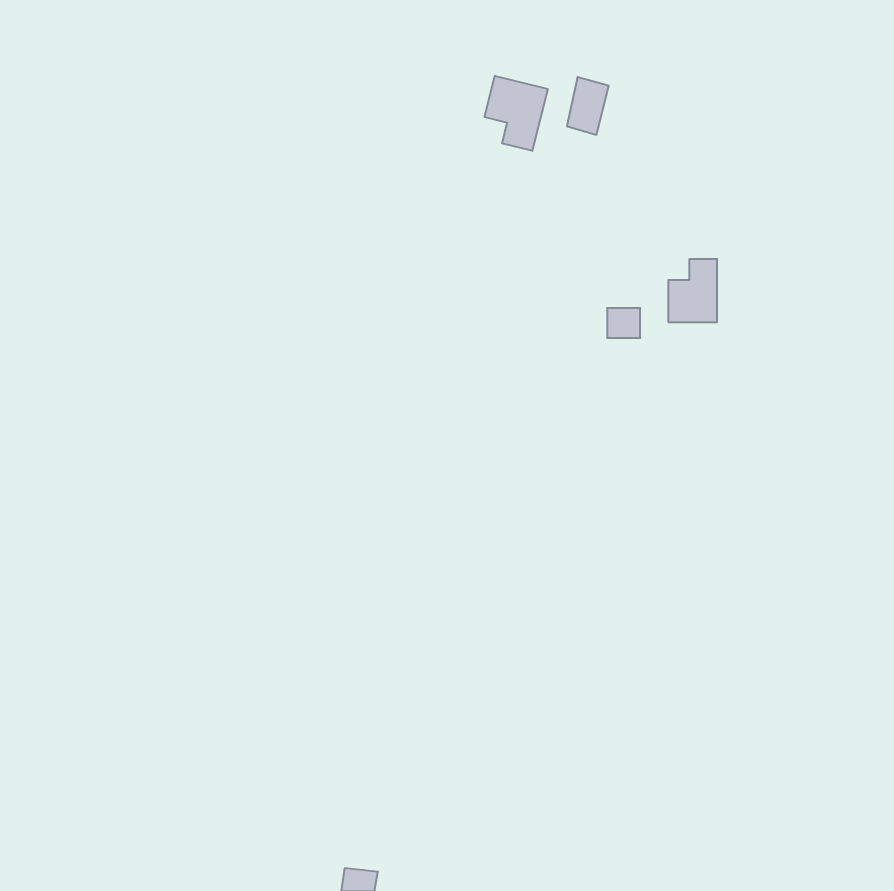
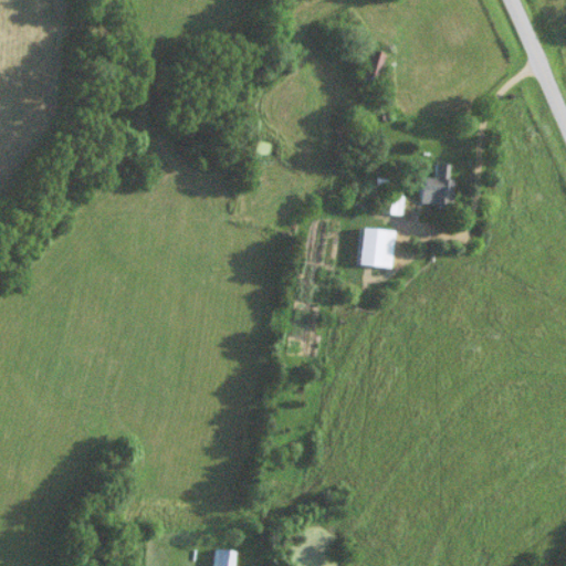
building: [485,76,548,151] -> none
building: none -> [358,228,396,268]

